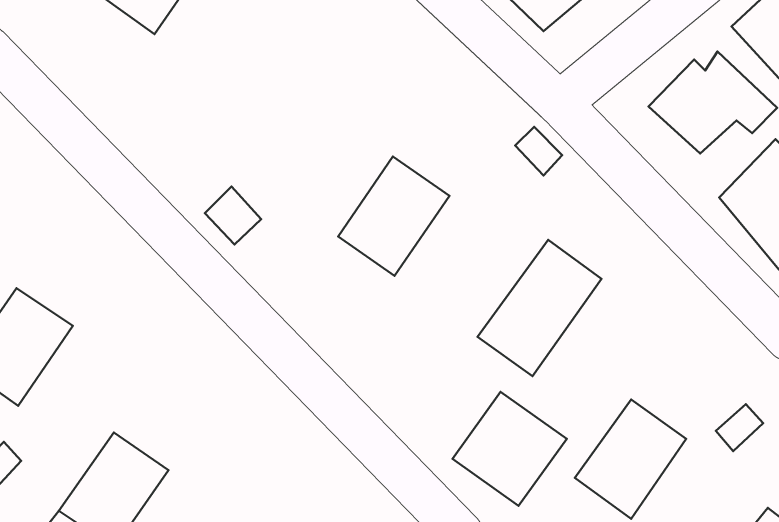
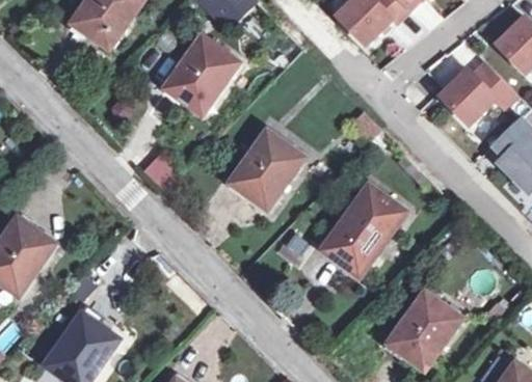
building: none -> [165,35,239,114]
building: [452,392,567,506] -> none

